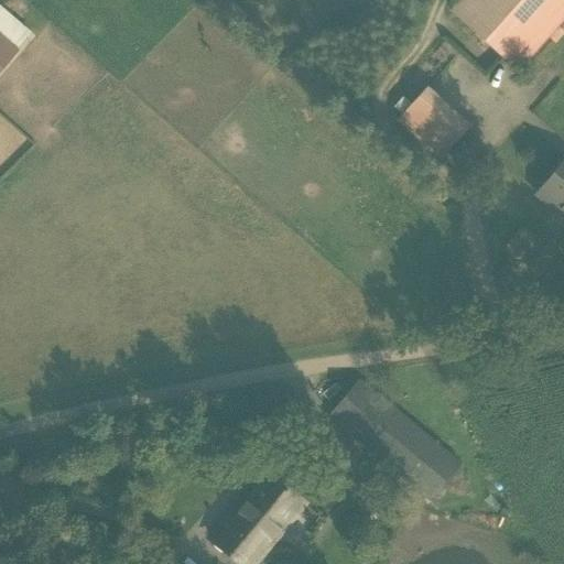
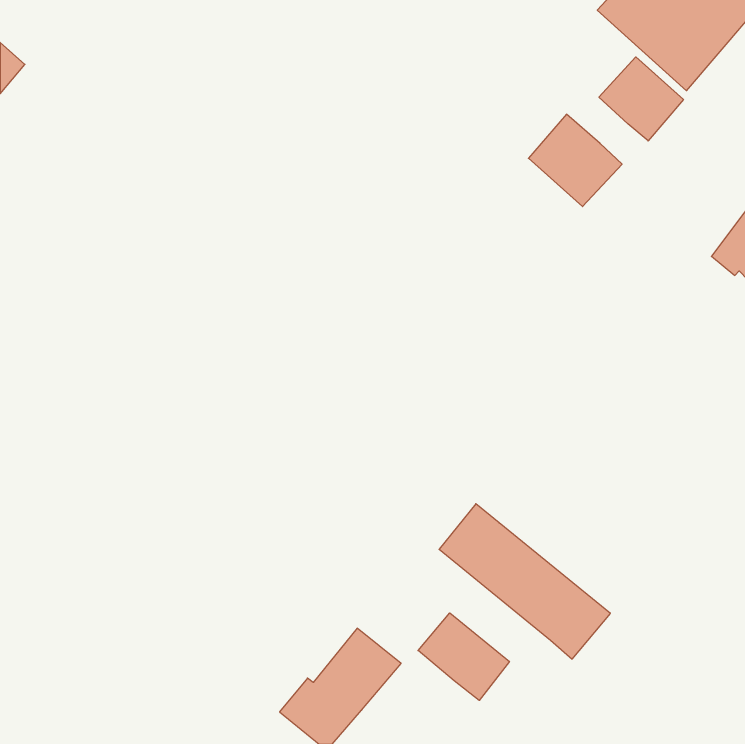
building: none -> [599,57,683,141]
building: none -> [418,613,509,700]

